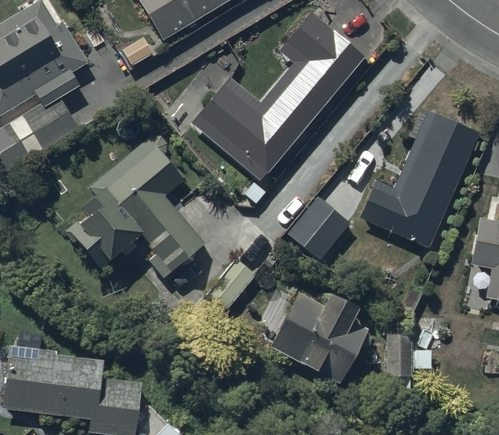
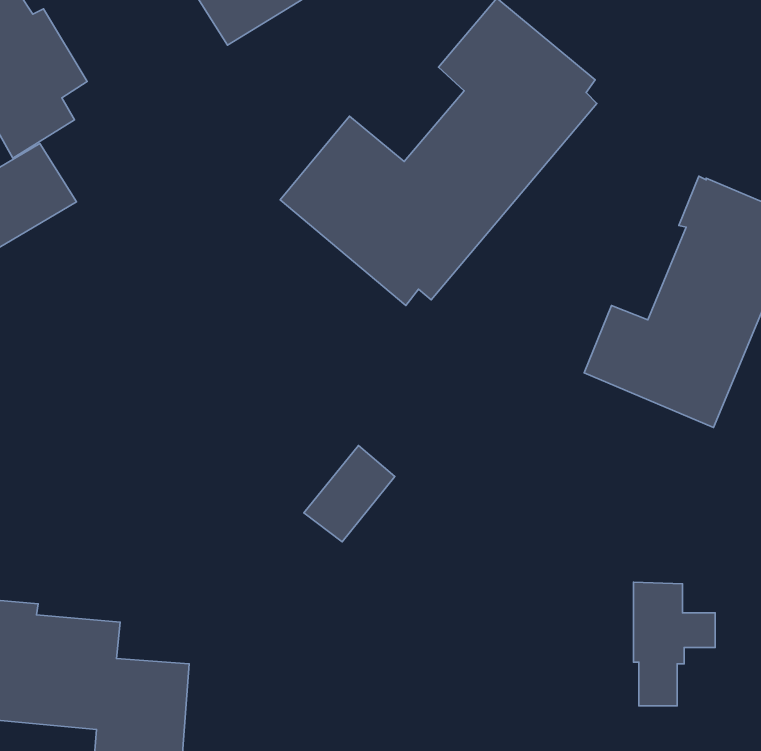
building: [63,137,205,281] -> none
building: [285,200,347,263] -> none
building: [270,287,367,380] -> none

